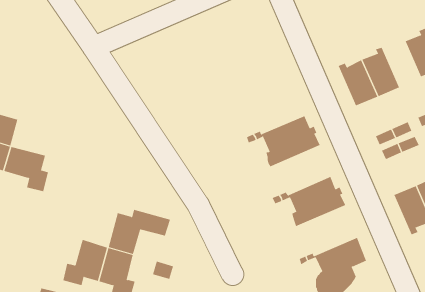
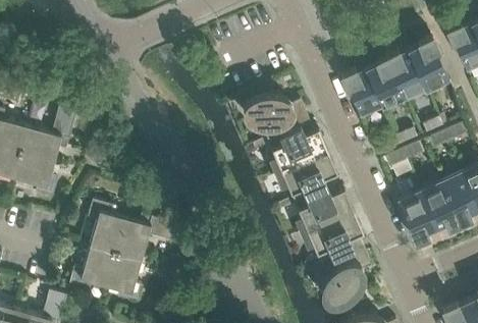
building: none -> [386,52,424,98]
building: none -> [243,97,310,144]
building: none -> [19,112,75,165]
building: none -> [275,155,335,204]
building: none -> [88,204,124,256]
building: none -> [301,214,362,264]

